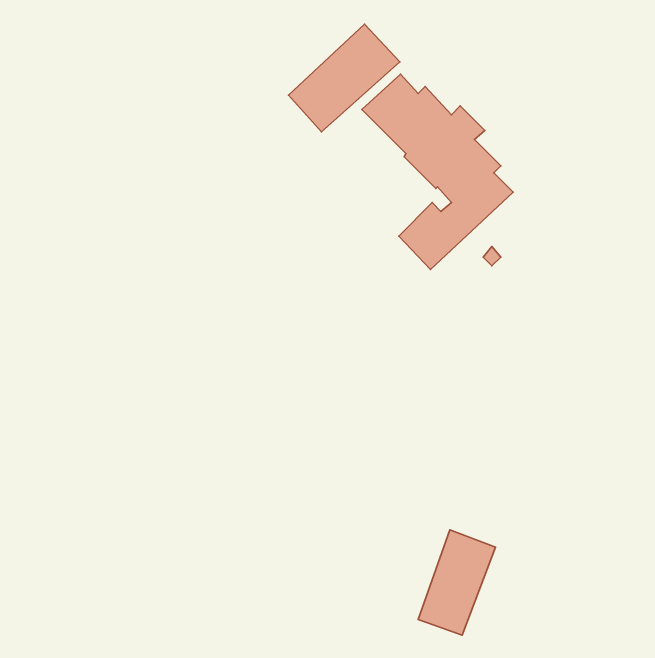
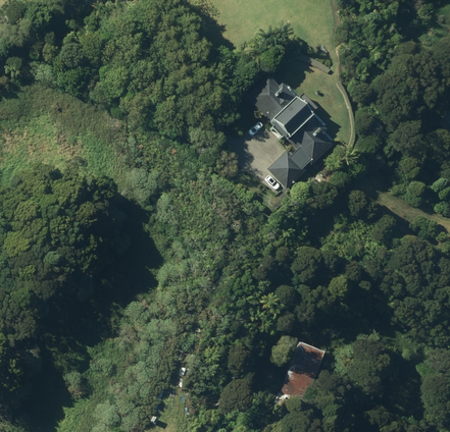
building: [289,24,400,132] -> none

